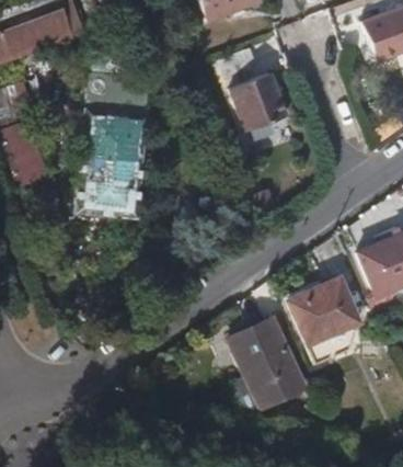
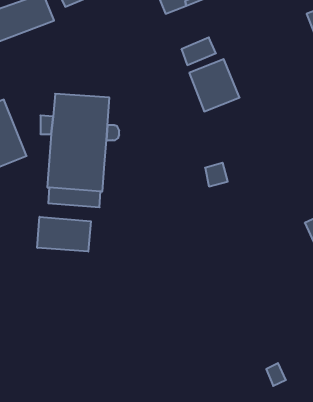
building: none -> [37,217,91,252]
building: [290,278,361,345] -> none
building: [232,319,304,407] -> none

